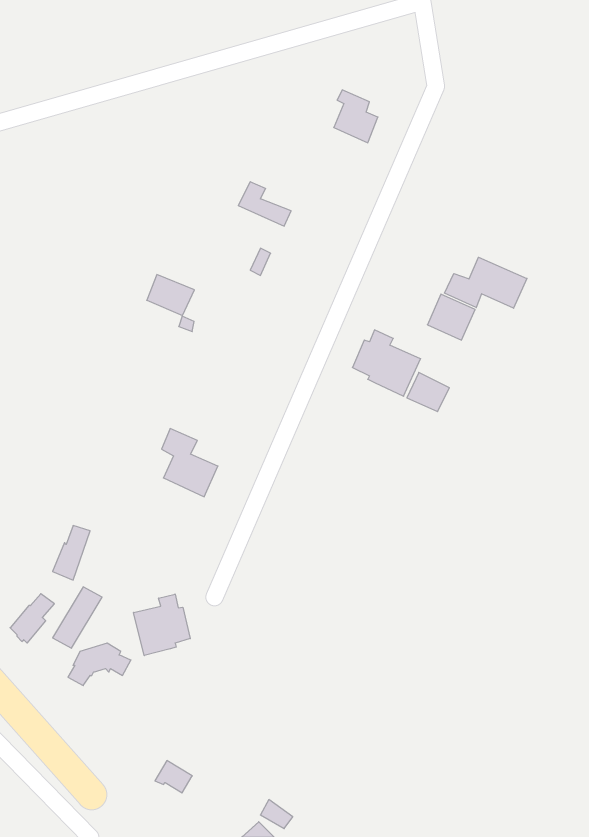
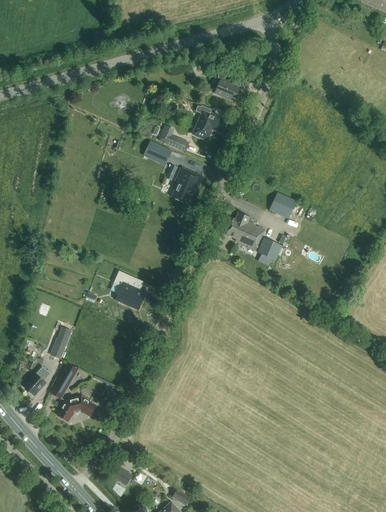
building: none -> [193,105,228,139]
building: none -> [172,167,204,204]
building: [444,257,527,308] -> none
building: [147,275,194,316] -> [146,141,174,165]
building: [134,594,190,656] -> none

